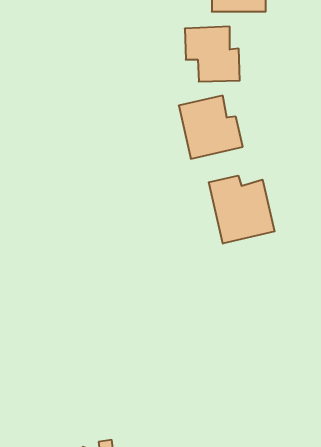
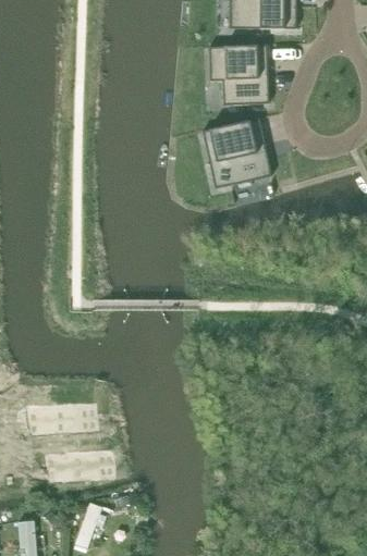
building: [209,176,275,244] -> none

